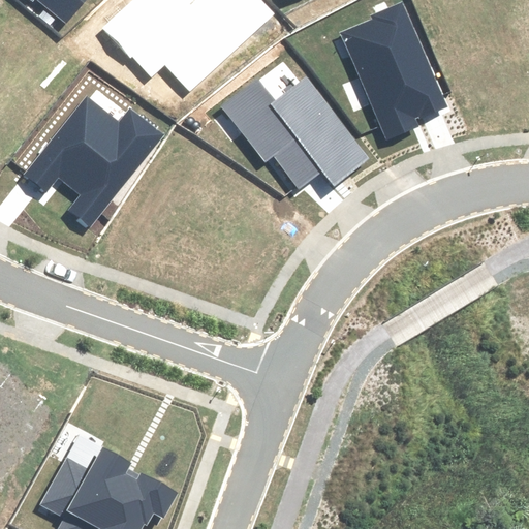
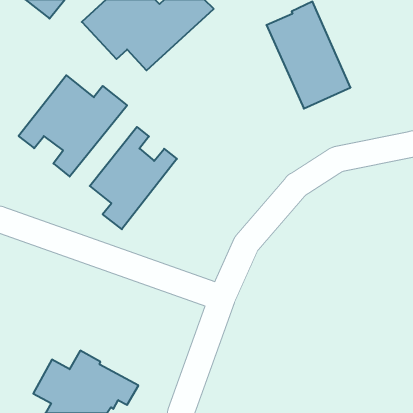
building: [223,77,367,186] -> none
building: none -> [90,127,177,229]

